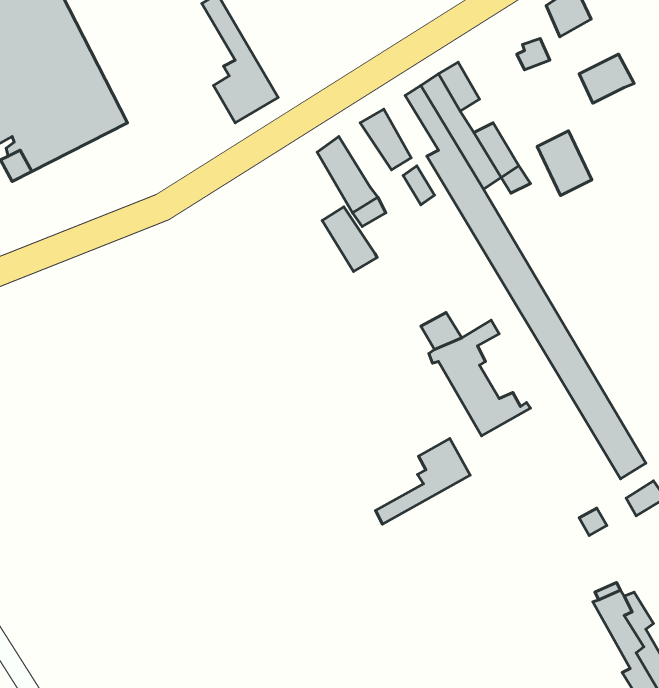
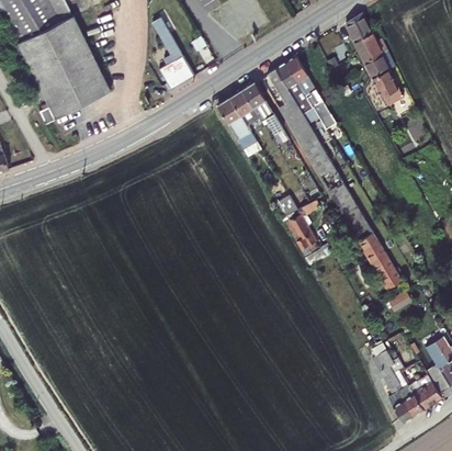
building: none -> [352,31,386,61]
building: [537,131,592,195] -> [371,69,402,105]
building: [322,207,377,271] -> [228,89,259,125]
building: [375,439,470,524] -> none

